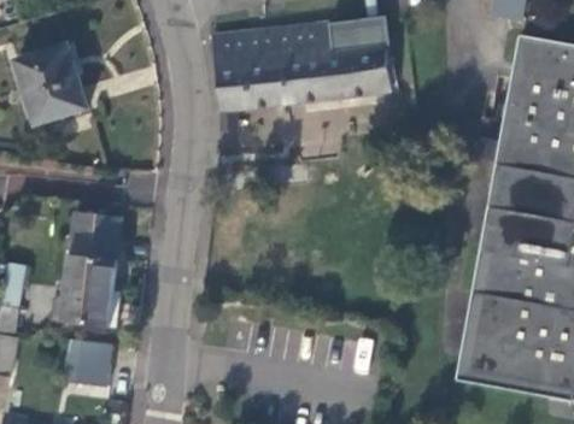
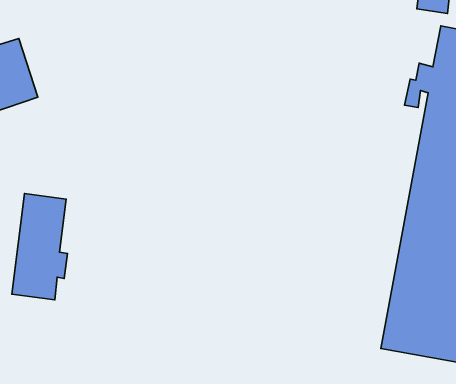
building: [212,18,398,129] -> none
building: [76,340,110,385] -> none

